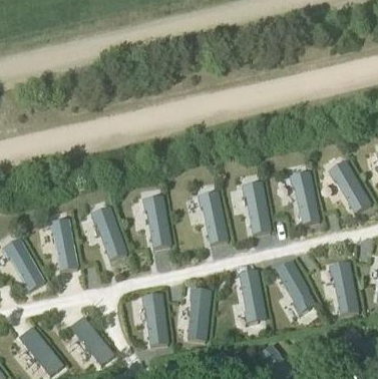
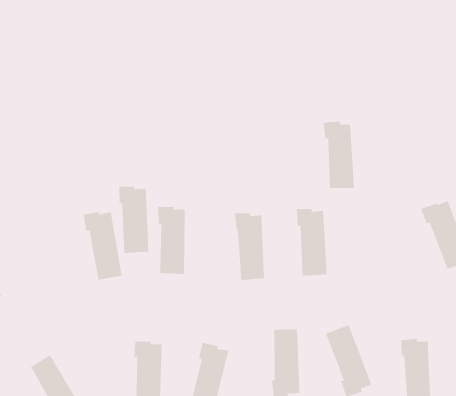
building: [290,173,320,223] -> [323,121,355,189]
building: [49,221,78,270] -> [119,186,149,253]

